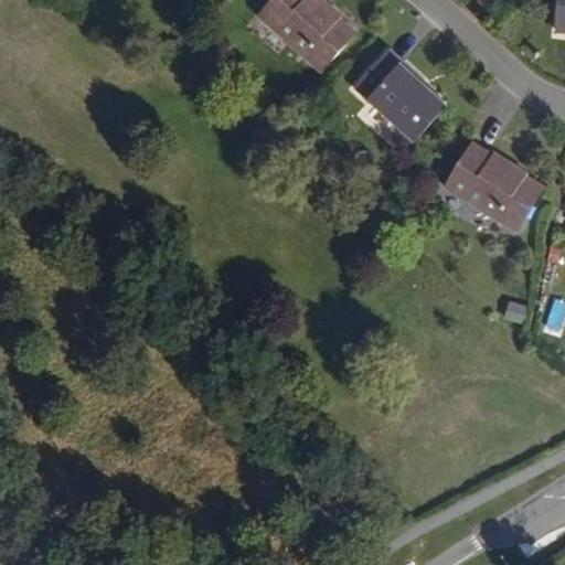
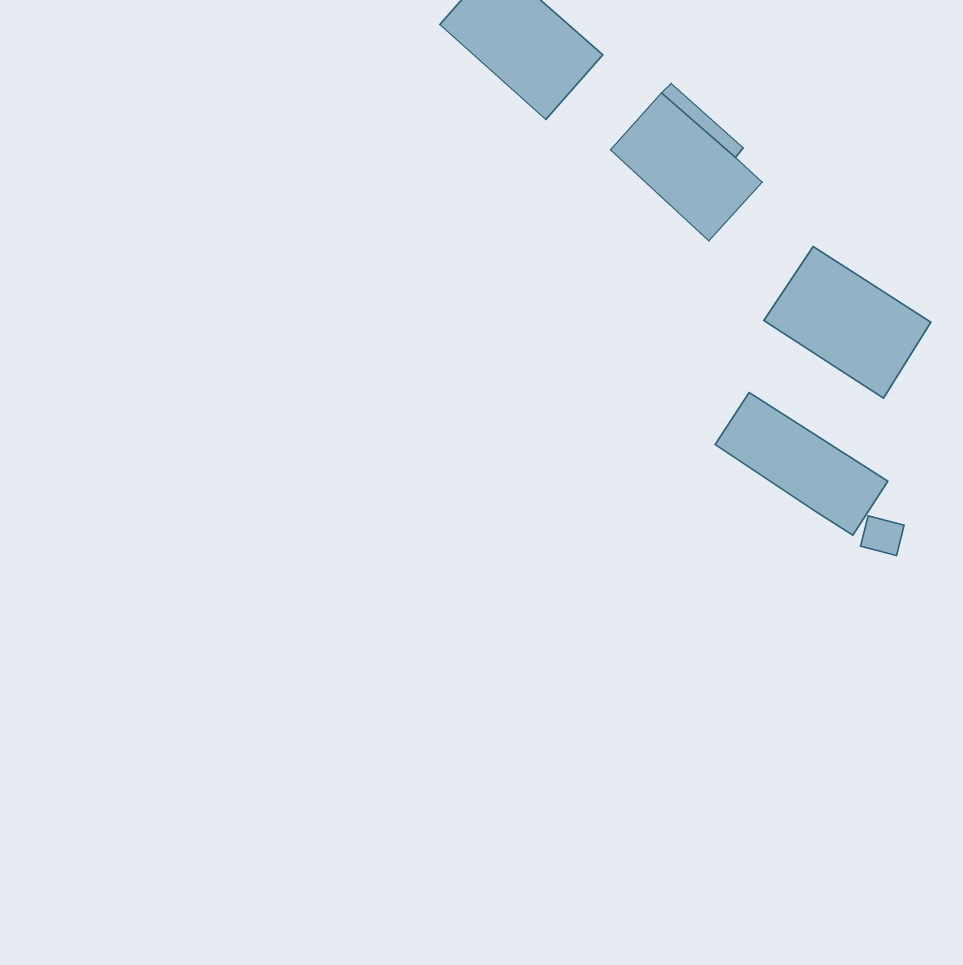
building: none -> [715,393,888,535]

